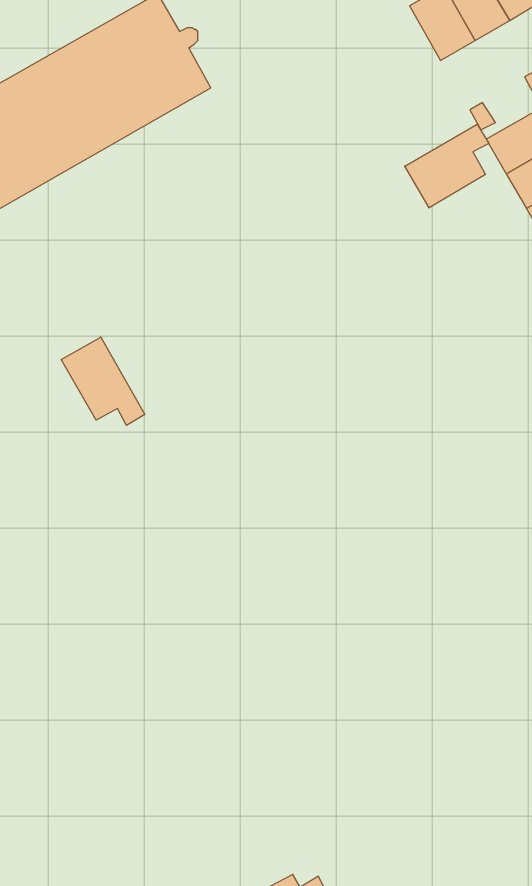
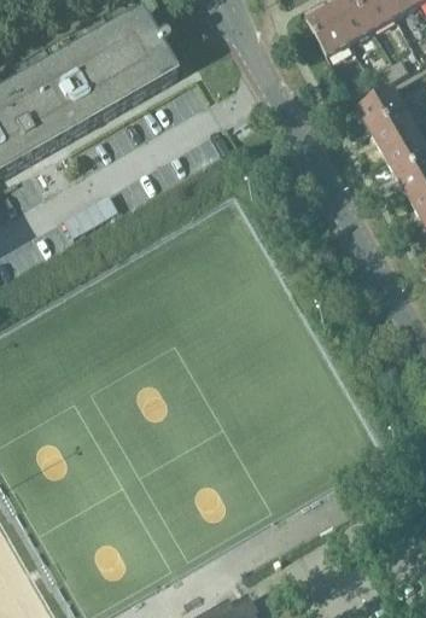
building: [405,124,489,208] -> none
building: [61,337,145,425] -> none

